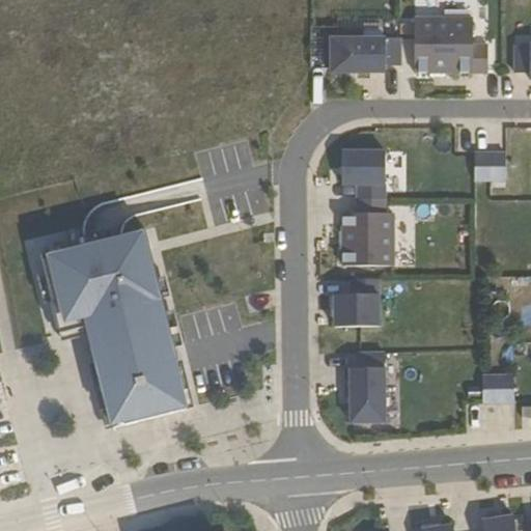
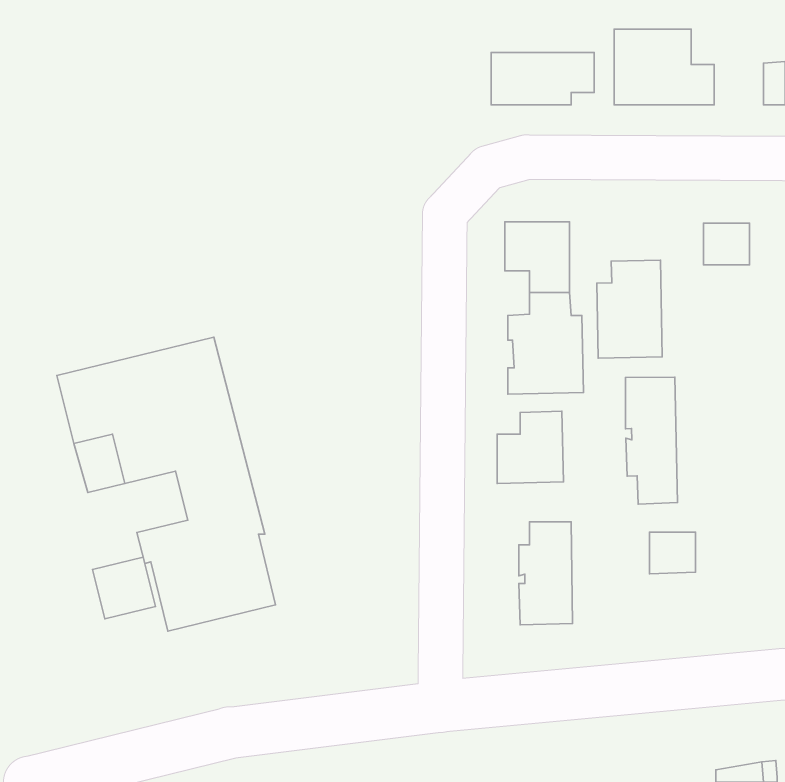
building: none -> [597,260,662,358]
building: none -> [625,377,677,504]
building: [84,317,127,359] -> [92,557,155,619]
building: [482,373,513,401] -> [649,532,696,574]

